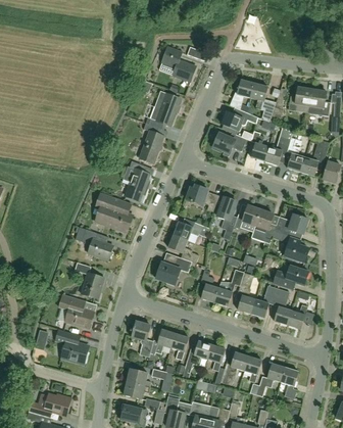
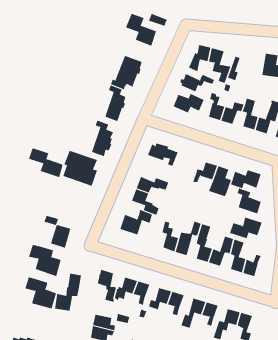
building: [288,87,311,112] -> none
building: [216,196,236,240] -> none
building: [75,227,112,259] -> [28,147,63,178]
building: none -> [55,273,81,312]

